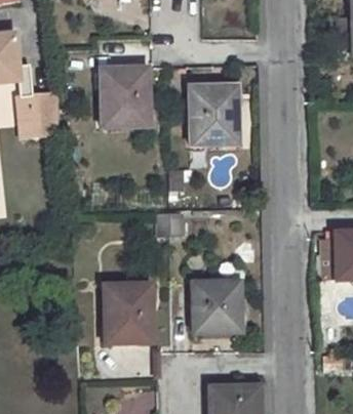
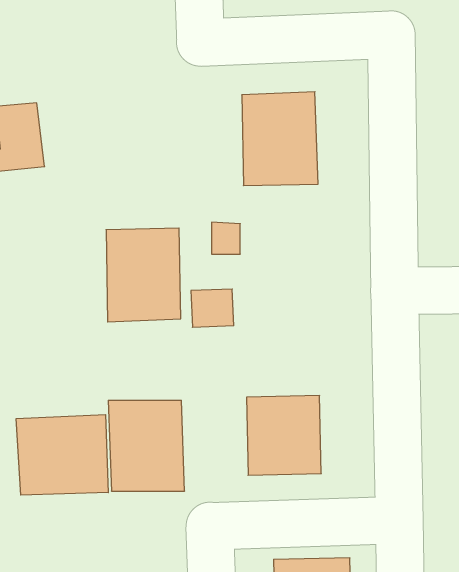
building: [101,68,149,128] -> [106,228,181,322]
building: none -> [16,415,108,495]

